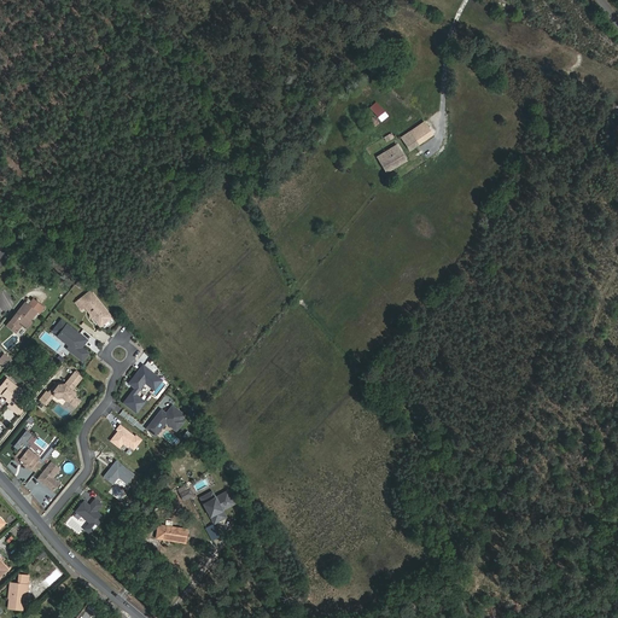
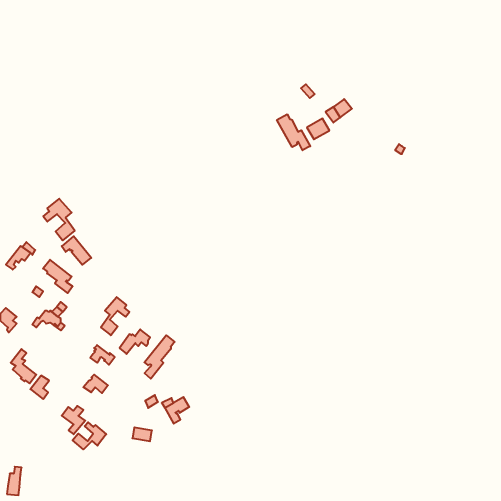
building: none -> [277,114,310,150]
building: none -> [43,199,75,240]
building: none -> [144,335,175,379]
building: none -> [73,422,106,449]

